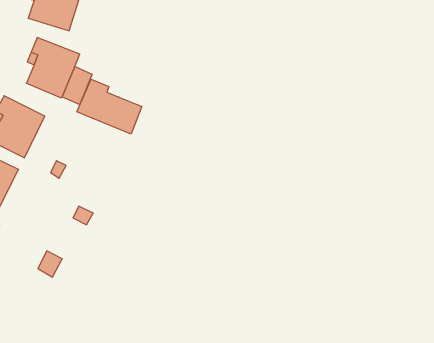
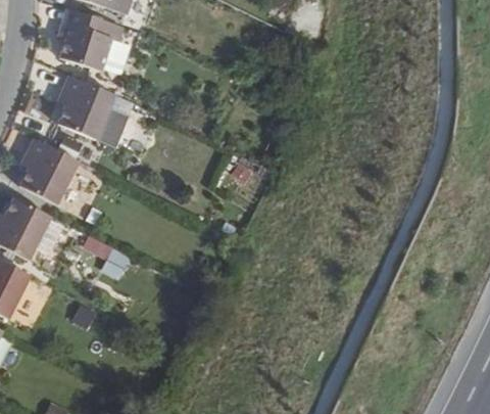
building: [77,79,142,134] -> none

